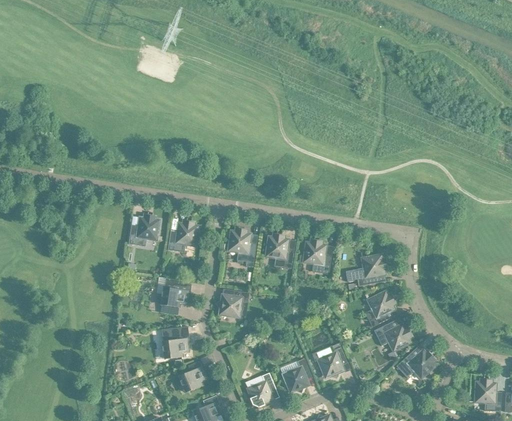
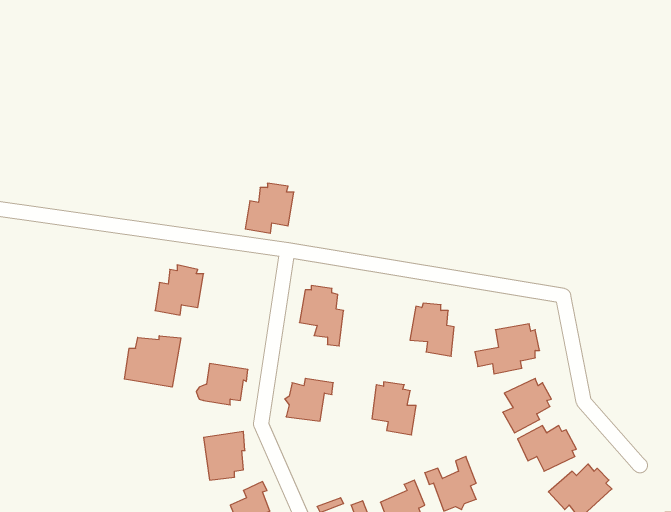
building: [167,218,200,252] -> [245,183,294,233]
building: [264,232,294,268] -> [372,382,416,435]
building: none -> [124,336,181,387]

